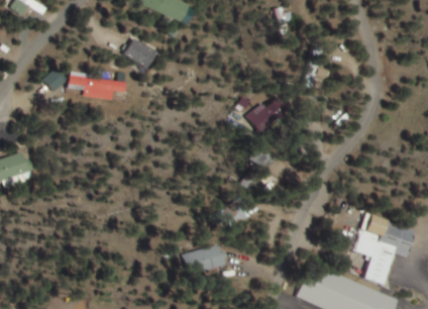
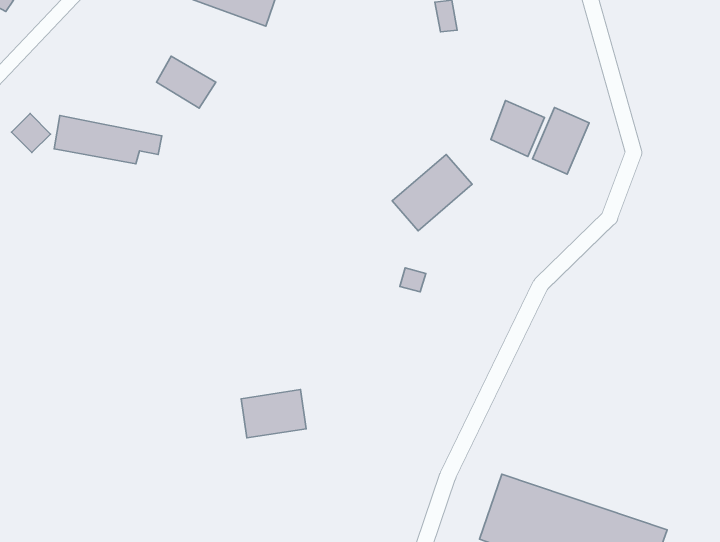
building: none -> [532,108,589,174]
building: [353,215,415,286] -> none
building: [190,246,225,273] -> [241,390,306,438]

